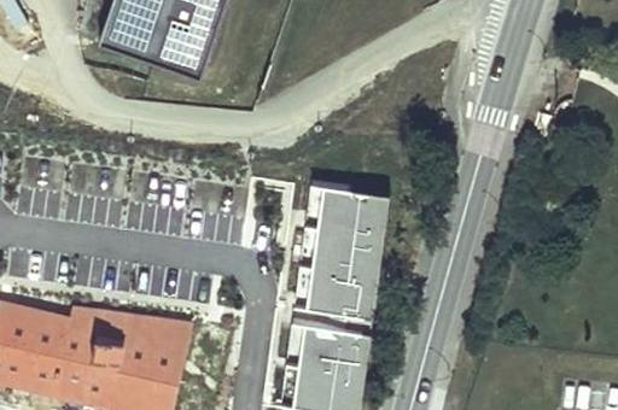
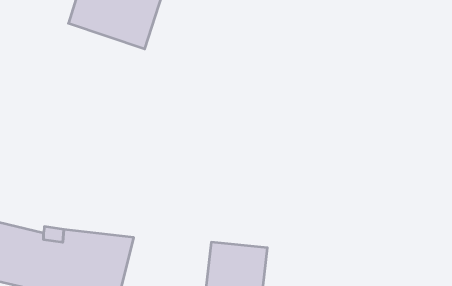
building: [297,192,386,323] -> none

